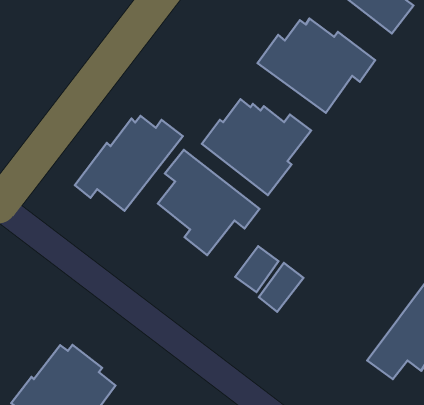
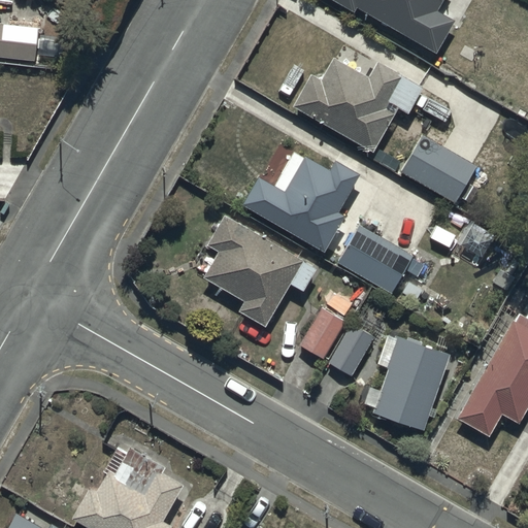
building: none -> [400,136,478,207]
building: [75,116,183,211] -> none
building: none -> [337,228,412,295]
building: none -> [373,336,450,428]

